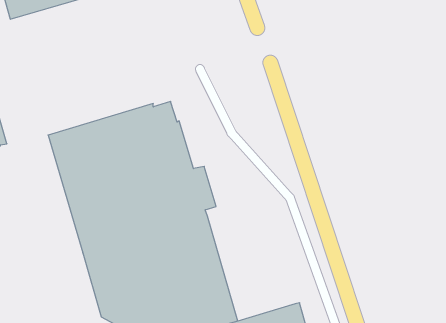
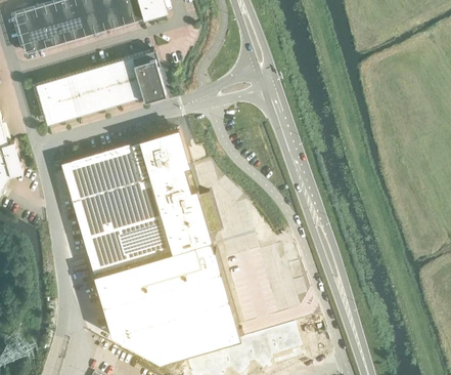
building: none -> [35,51,165,126]

